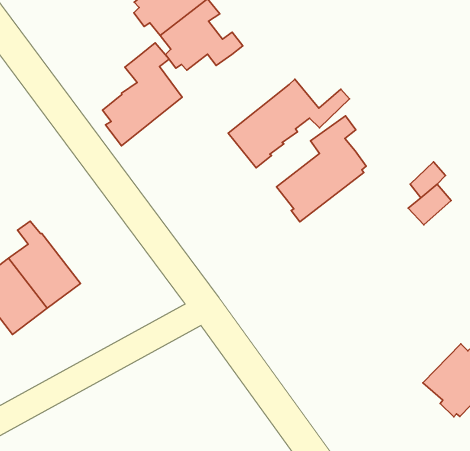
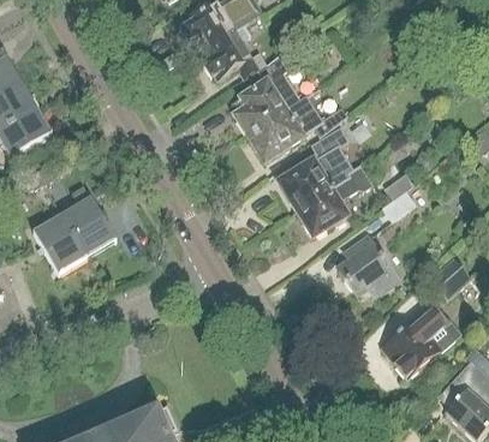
building: [102,43,182,146] -> [234,53,299,132]
building: none -> [296,166,372,237]
building: none -> [334,237,394,295]

